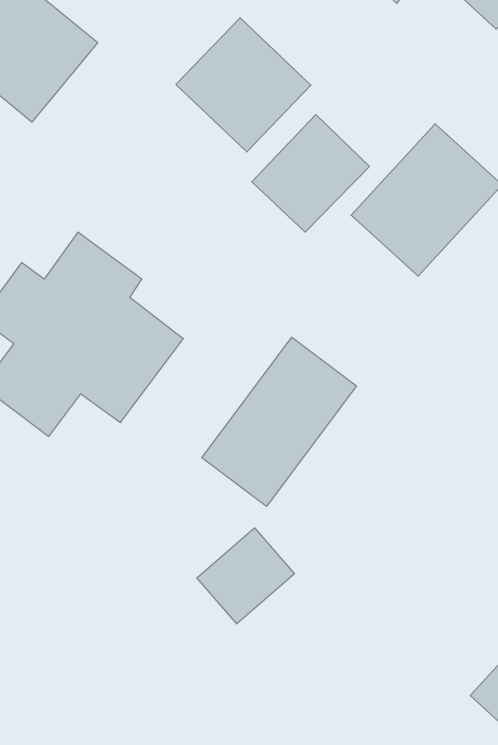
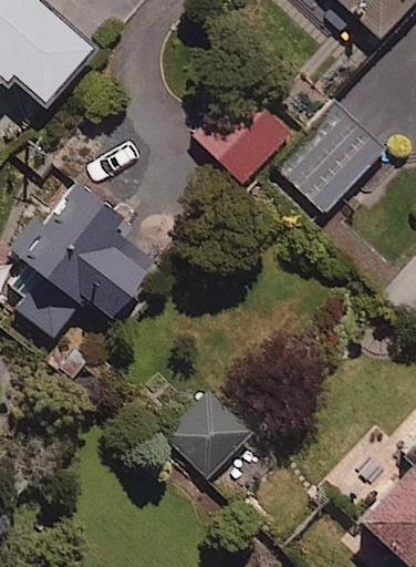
building: [176,18,311,152] -> none
building: [202,337,356,506] -> none

